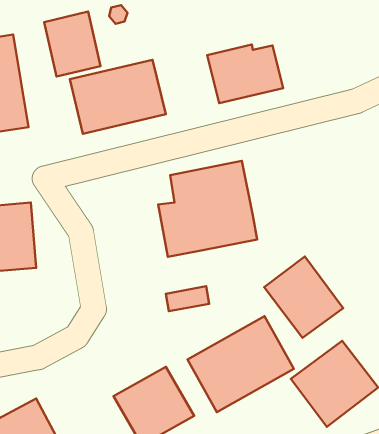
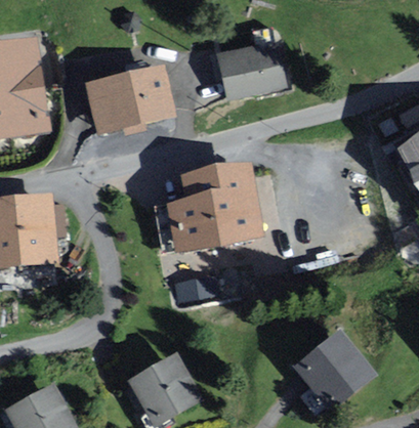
building: [44,12,101,77] -> none
building: [264,256,343,338] -> none
building: [188,316,294,412] -> none

